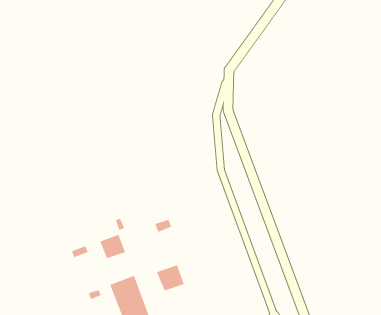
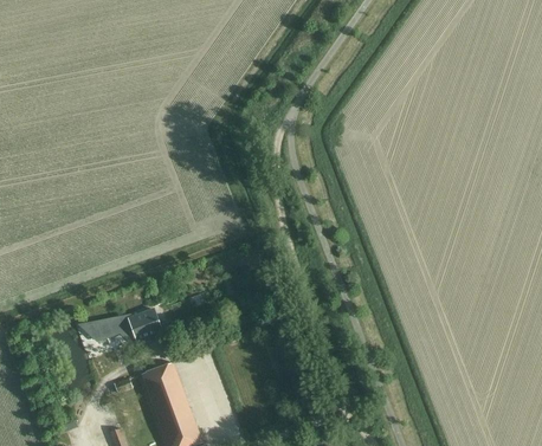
building: [156,264,185,292] -> none

